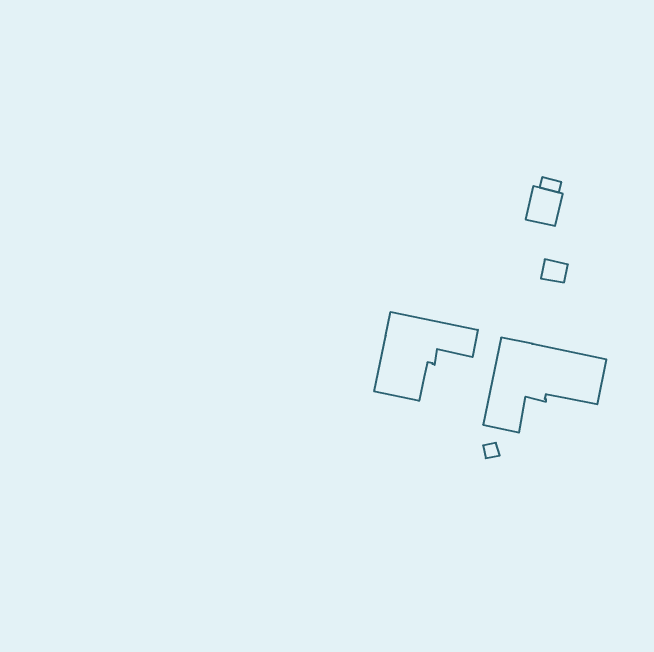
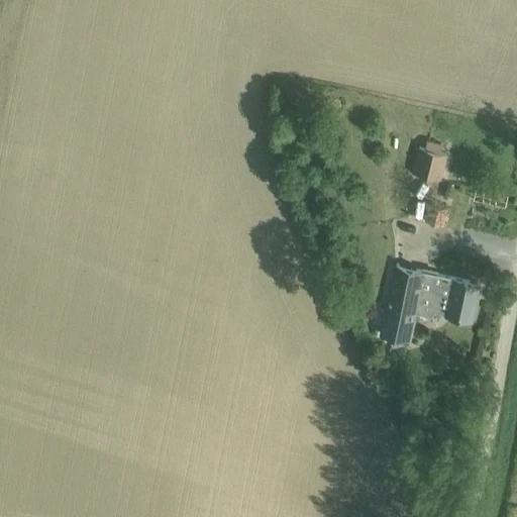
building: [374,312,478,401] -> none

